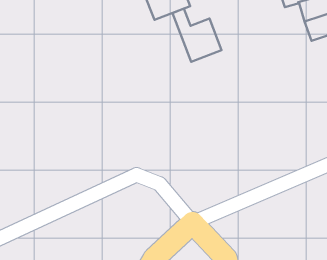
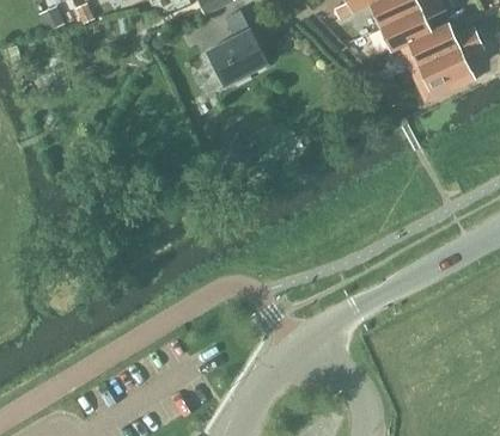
building: [172,9,221,62] -> none

